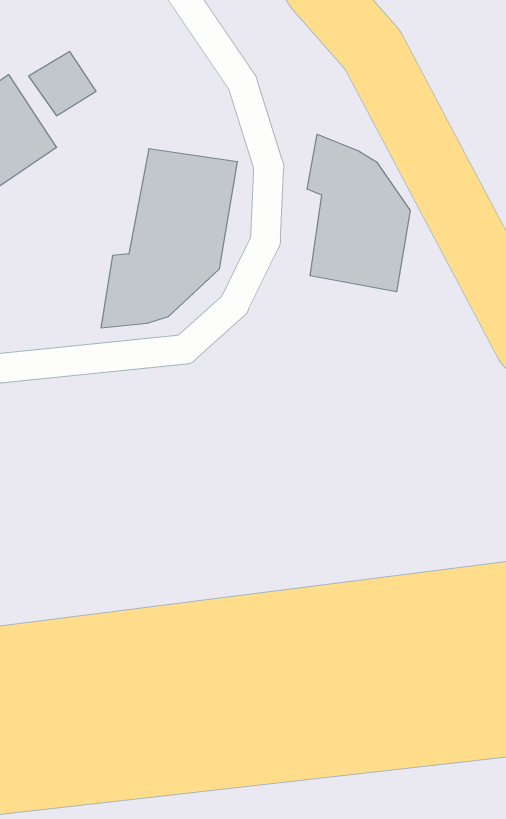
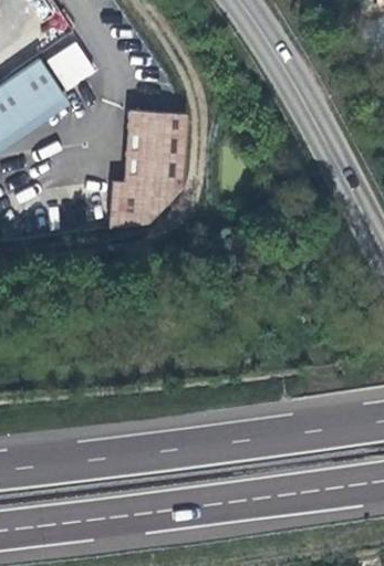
building: [307,134,410,292] -> none

